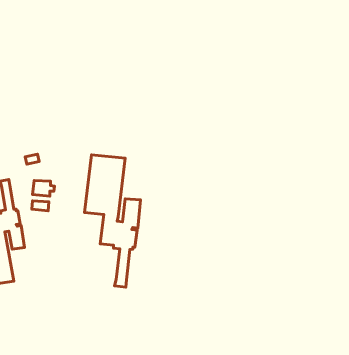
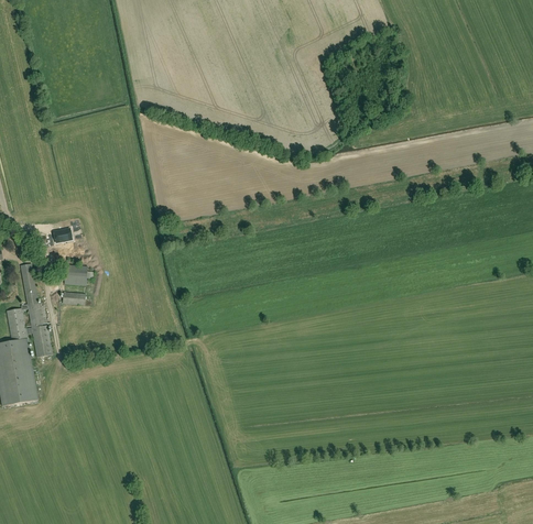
building: [85,155,141,287] -> none

